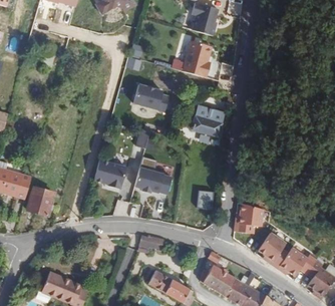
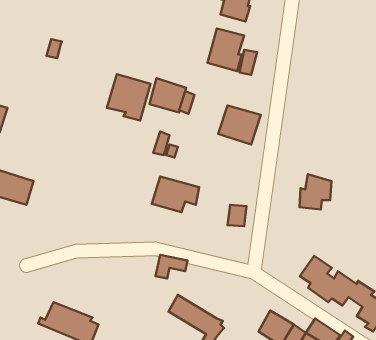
building: none -> [107,74,150,121]
building: [91,161,125,190] -> none
building: [27,187,53,210] -> none
building: [235,206,262,236] -> [299,174,331,210]
building: [201,266,233,298] -> none

